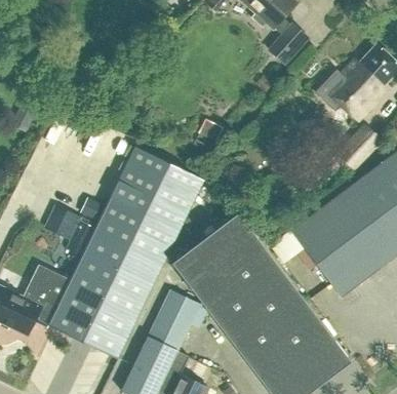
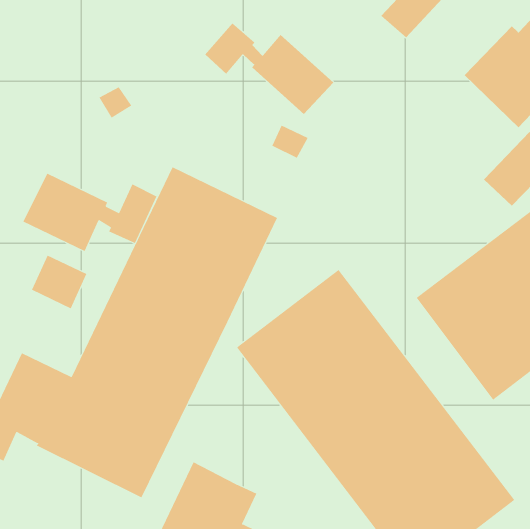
building: none -> [204,23,334,115]
building: none -> [22,173,157,252]
building: [148,290,204,350] -> none

